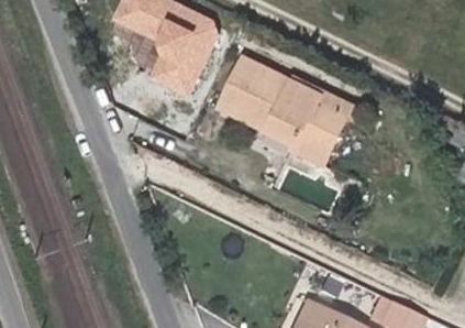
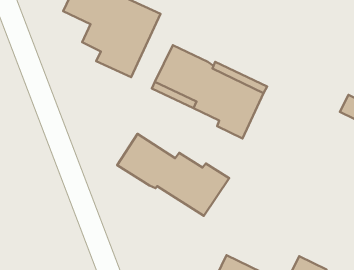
building: none -> [117,134,229,216]

